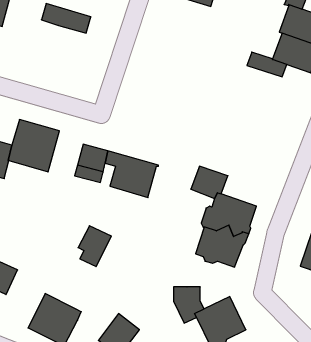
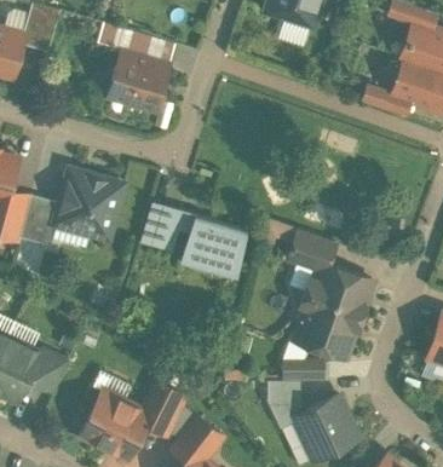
building: none -> [108,51,171,113]
building: [78,226,111,267] -> [143,384,185,436]
building: none -> [284,363,324,384]

